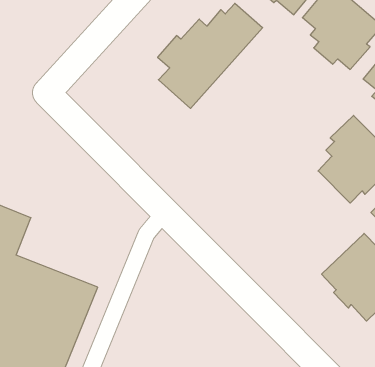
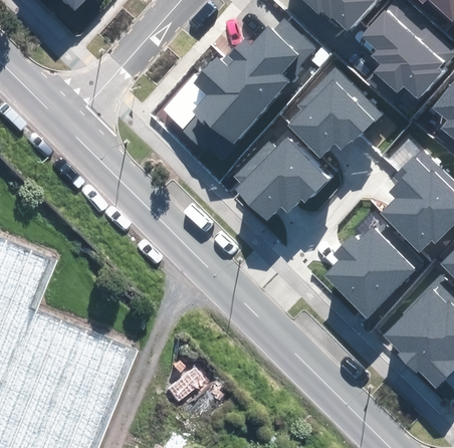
building: none -> [288,67,380,158]
building: none -> [236,140,327,218]
building: none -> [324,228,415,317]

